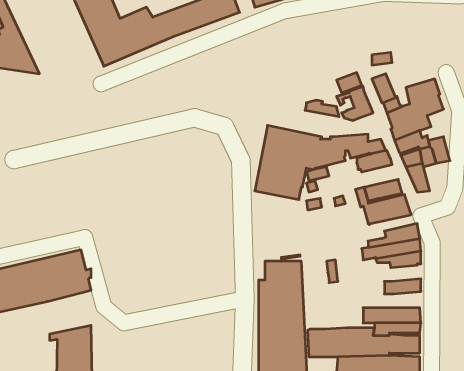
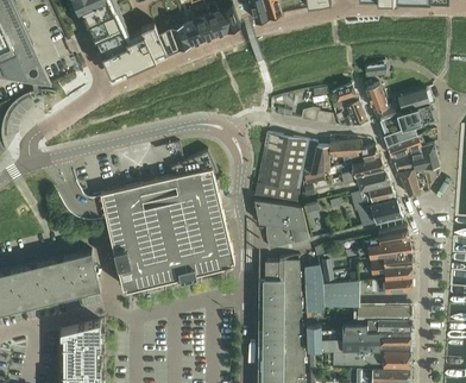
building: none -> [100,151,233,291]
building: none -> [341,171,390,193]
building: none -> [253,201,309,250]
building: none -> [370,264,411,282]
building: none -> [303,265,359,315]

